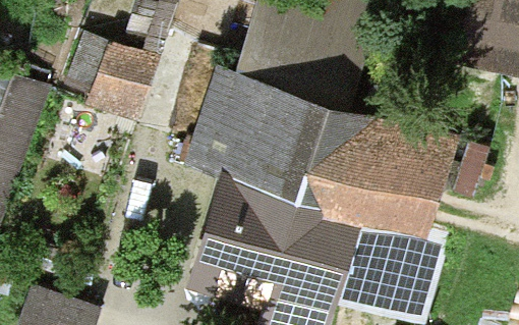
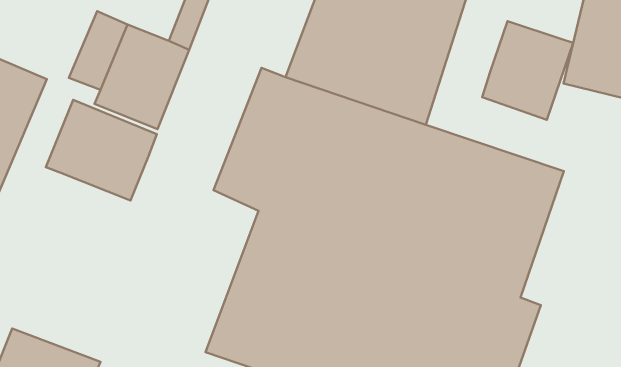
building: none -> [482,21,573,120]
building: none -> [46,100,157,201]

